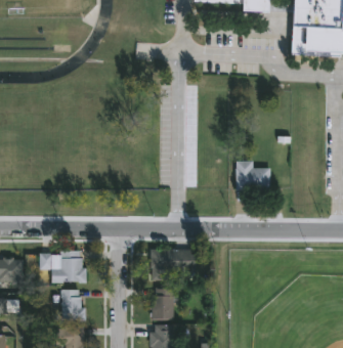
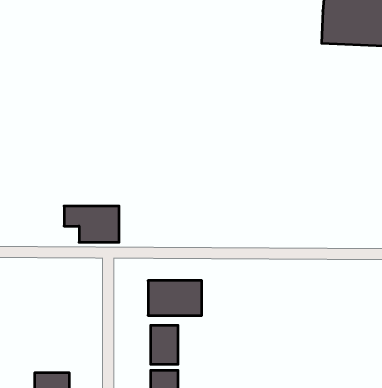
building: [238,162,271,191] -> none
building: [40,252,85,281] -> [64,206,119,242]
building: [61,290,84,320] -> none

